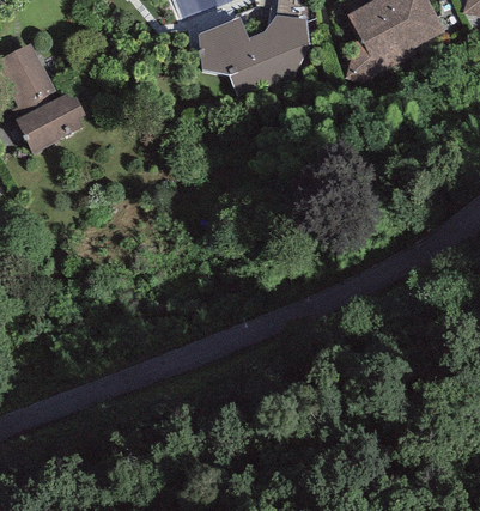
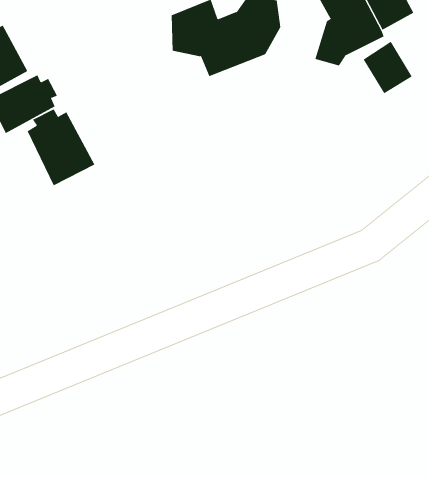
building: none -> [363,41,413,94]
building: none -> [27,108,95,186]

